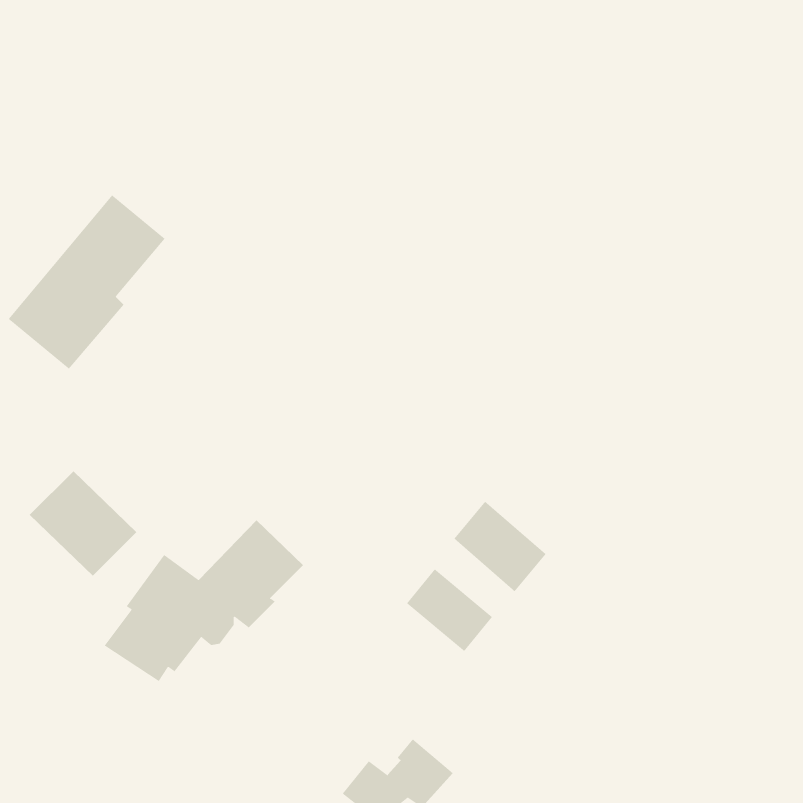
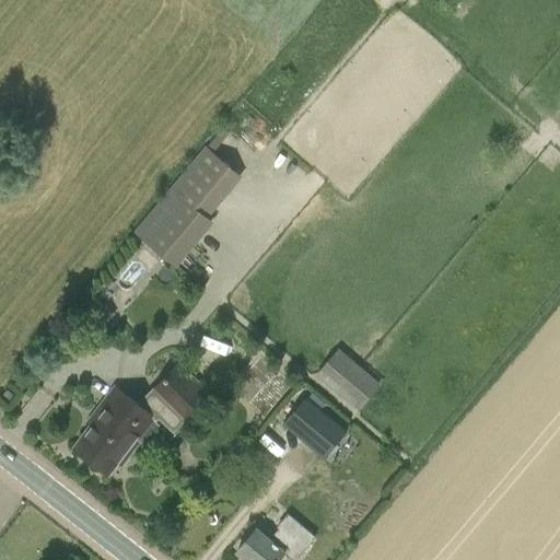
building: [8,195,165,369] -> [132,147,242,268]
building: [29,470,137,576] -> none

